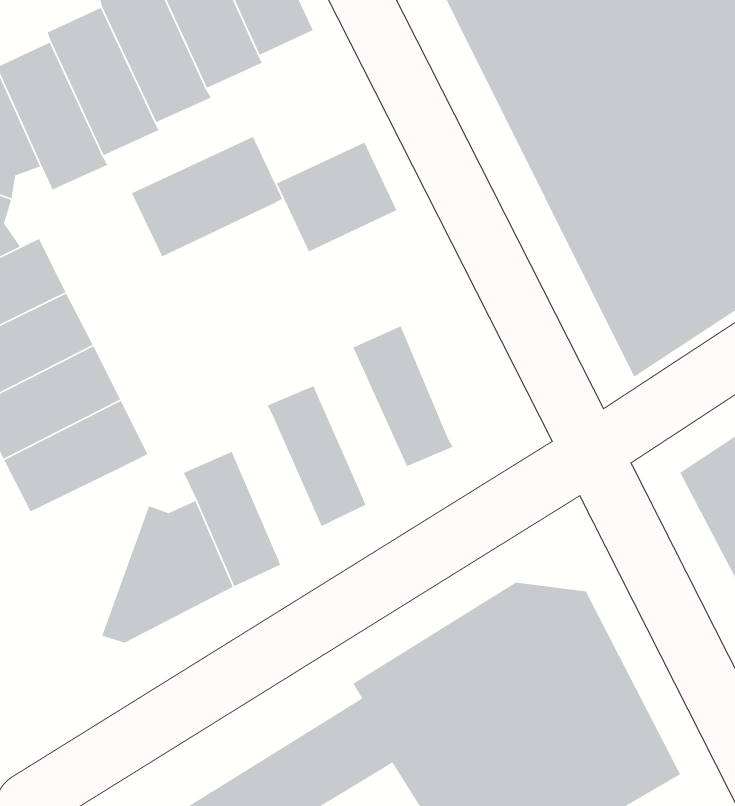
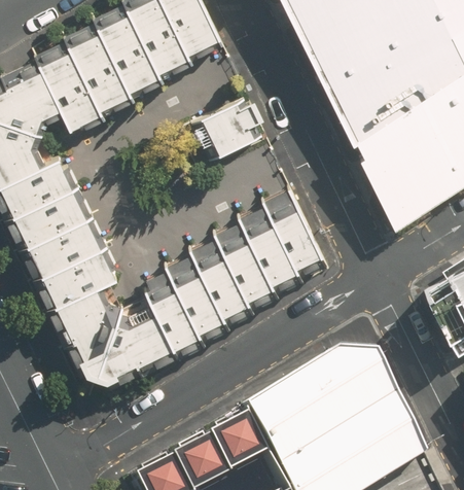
building: [131,136,283,257] -> none
building: none -> [263,186,321,268]
building: none -> [215,220,272,301]
building: none -> [167,255,224,337]
building: none -> [57,286,123,380]

